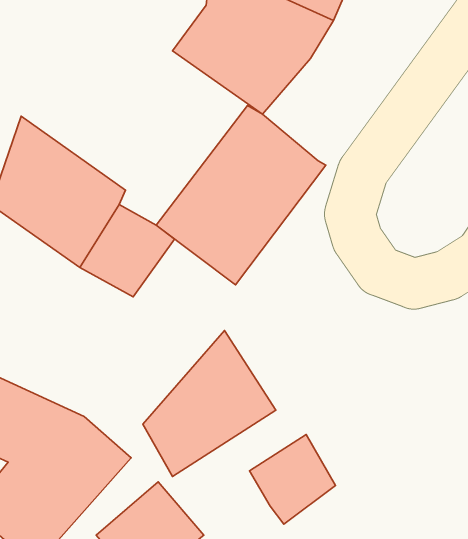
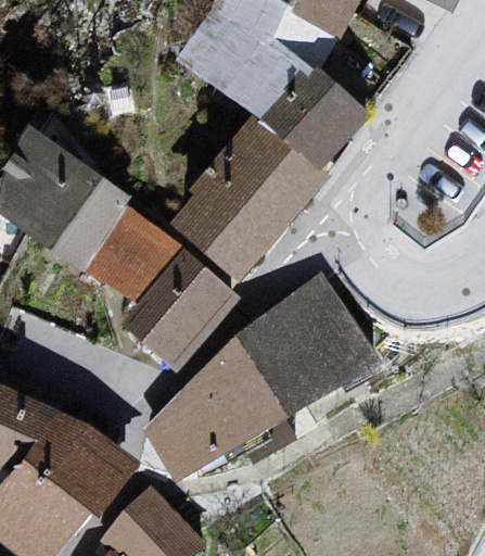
building: none -> [266,65,369,167]
building: none -> [122,245,239,372]
building: none -> [228,278,370,416]
building: [249,434,335,524] -> none

